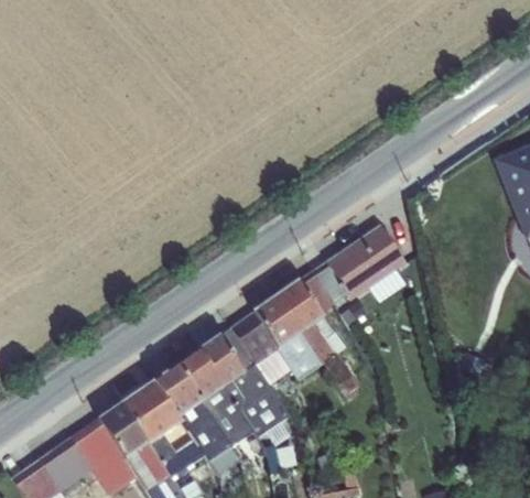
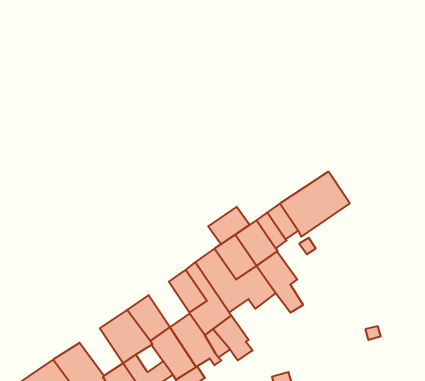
building: none -> [208,207,249,244]
building: [176,349,223,401] -> none
building: [98,402,148,456] -> none

